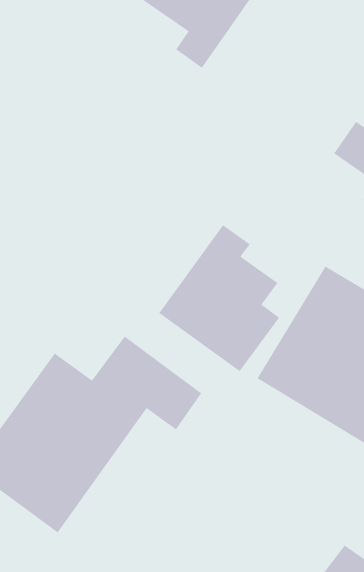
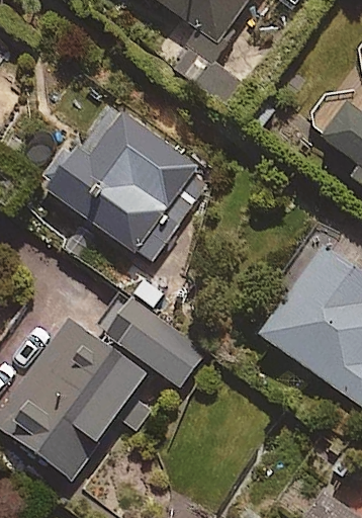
building: none -> [52,103,212,261]
building: [158,224,280,372] -> none

